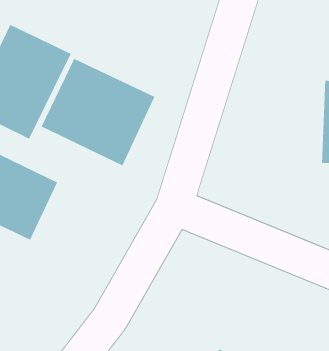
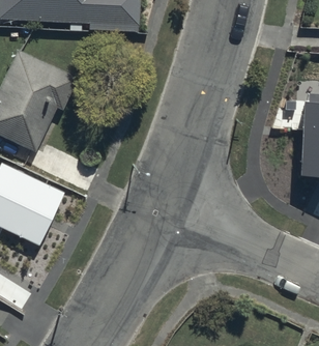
building: [40,58,155,166] -> none

